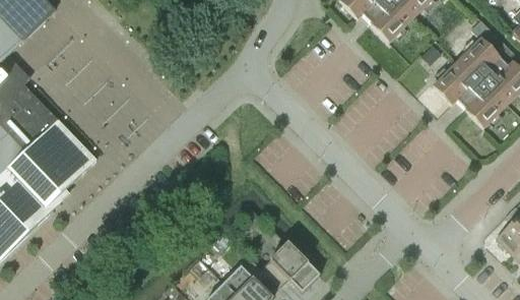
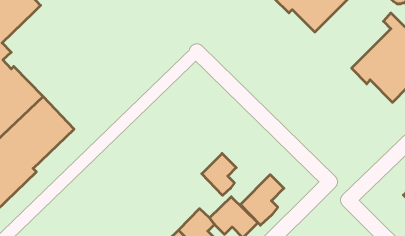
building: none -> [202,153,236,195]
building: none -> [240,175,284,225]

